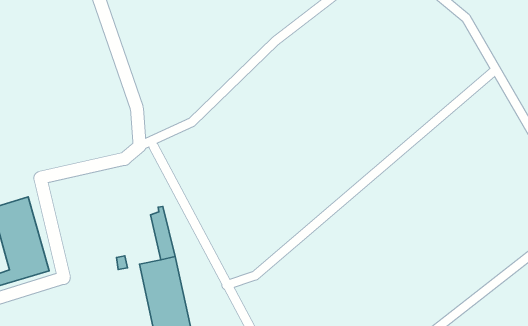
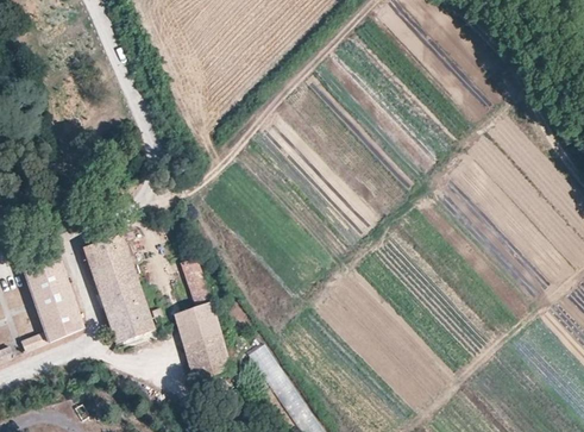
building: none -> [81,232,152,340]

